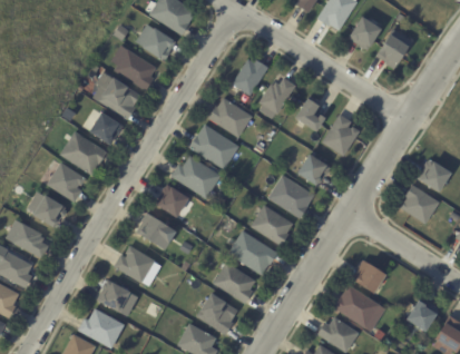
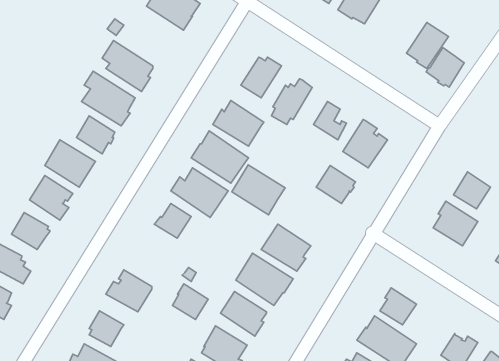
building: [348,16,381,50] -> [426,48,464,87]
building: [136,22,176,59] -> none
building: [268,175,315,218] -> [232,165,285,215]
building: [137,213,168,244] -> [172,284,208,320]

